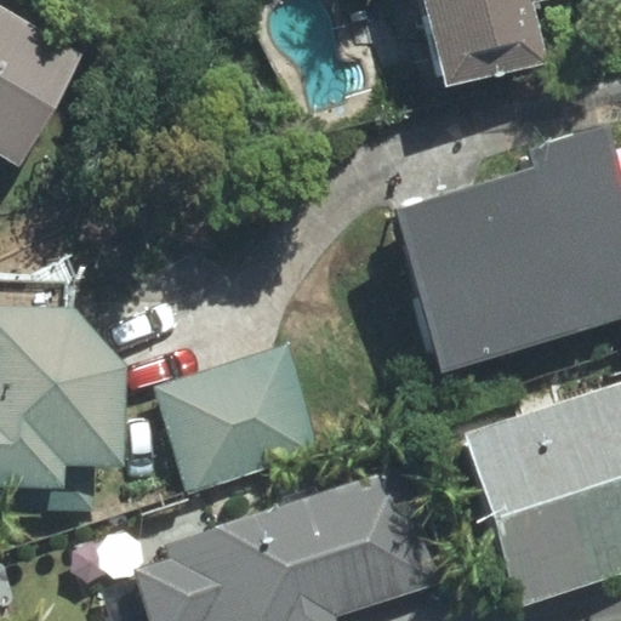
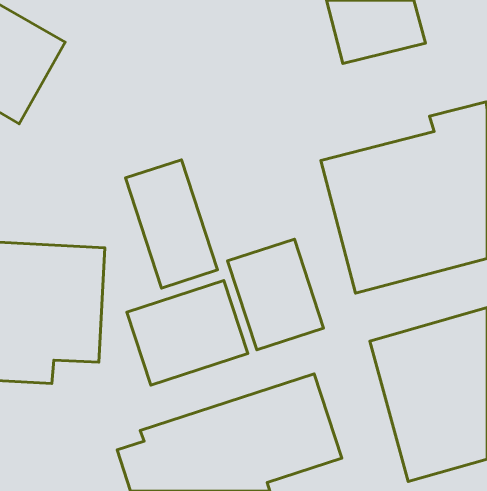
building: none -> [126,160,218,288]
building: none -> [228,239,324,350]

